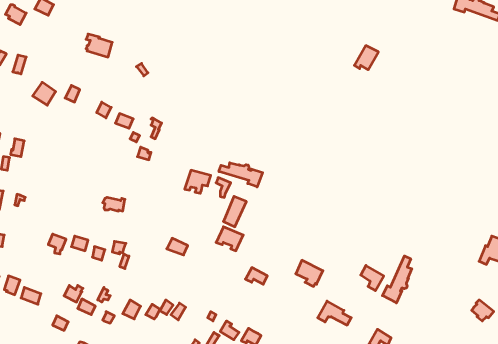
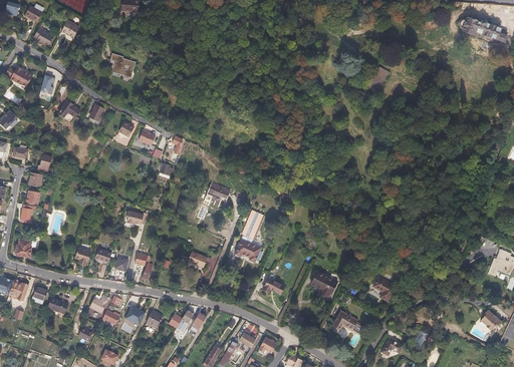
building: [219,163,263,187] -> none
building: [382,256,412,303] -> none

